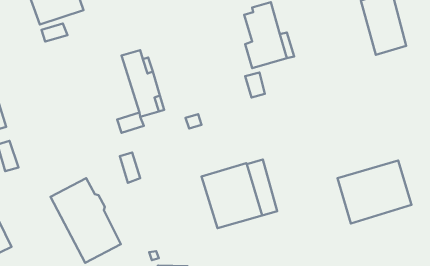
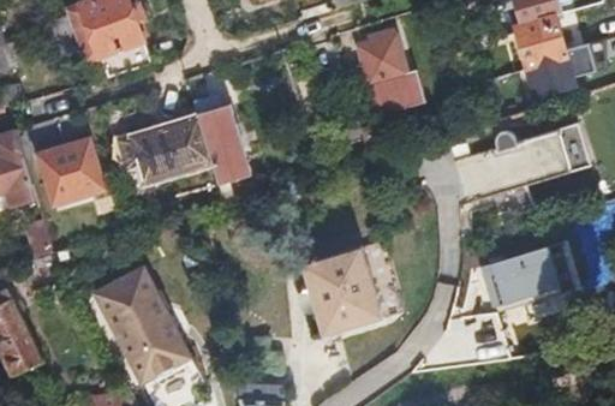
building: none -> [453,124,590,203]
building: none -> [119,125,186,180]
building: none -> [36,139,100,202]

